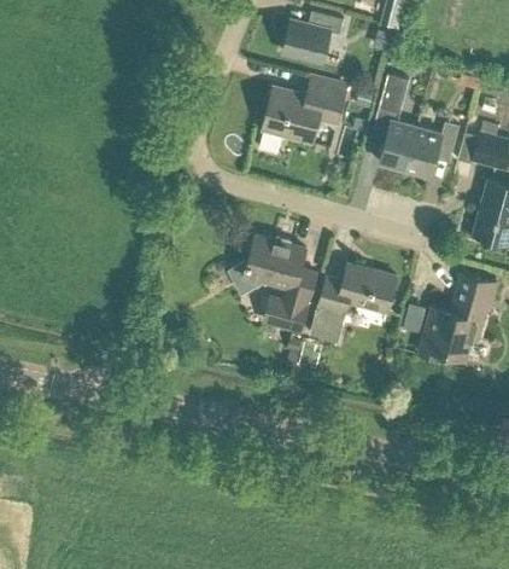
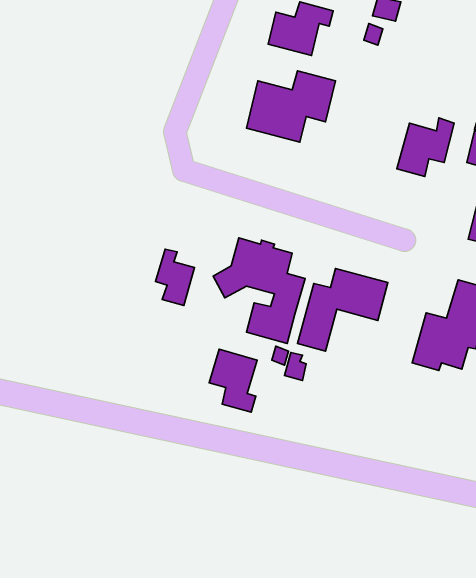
building: [370,74,416,168] -> none
building: none -> [156,249,194,306]
building: none -> [209,349,257,412]

